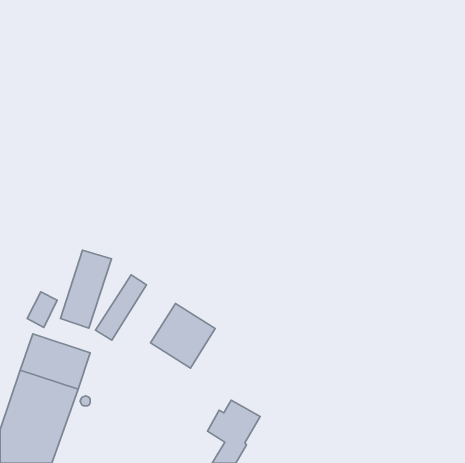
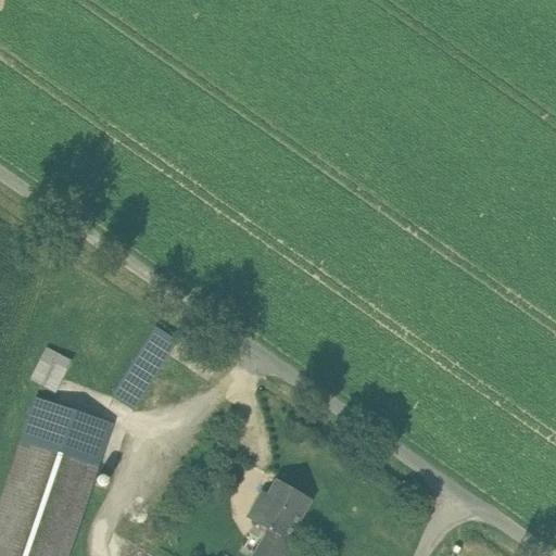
building: [60,250,112,328] -> none
building: [150,304,215,368] -> none

